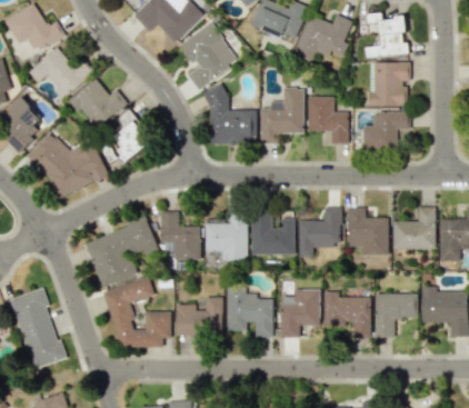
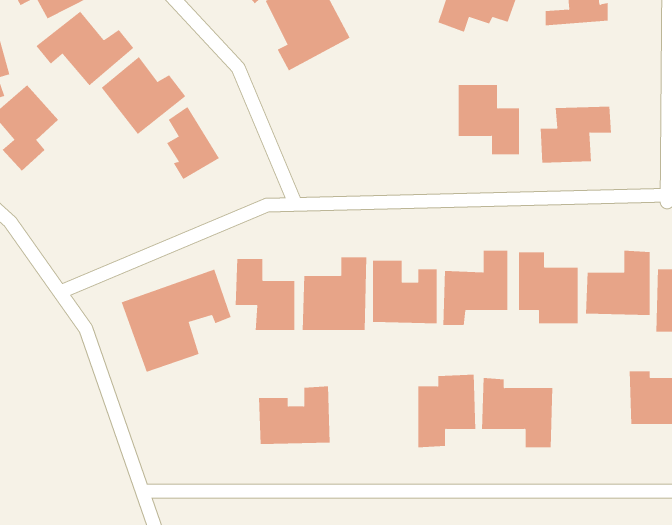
building: [369,62,410,107] -> none
building: [209,88,257,145] -> none
building: [261,88,303,143] -> none
building: [32,137,109,200] -> none
building: [104,278,171,347] -> none
building: [226,288,273,337] -> none
building: [11,289,64,369] -> none
building: [376,293,417,338] -> none

